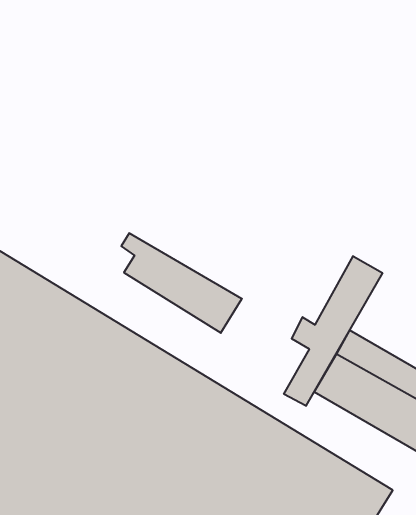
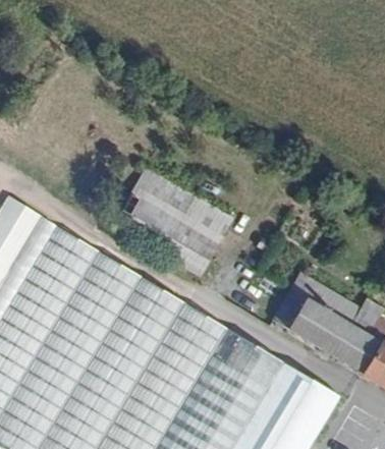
building: none -> [129,165,234,247]
building: [284,256,382,406] -> none

